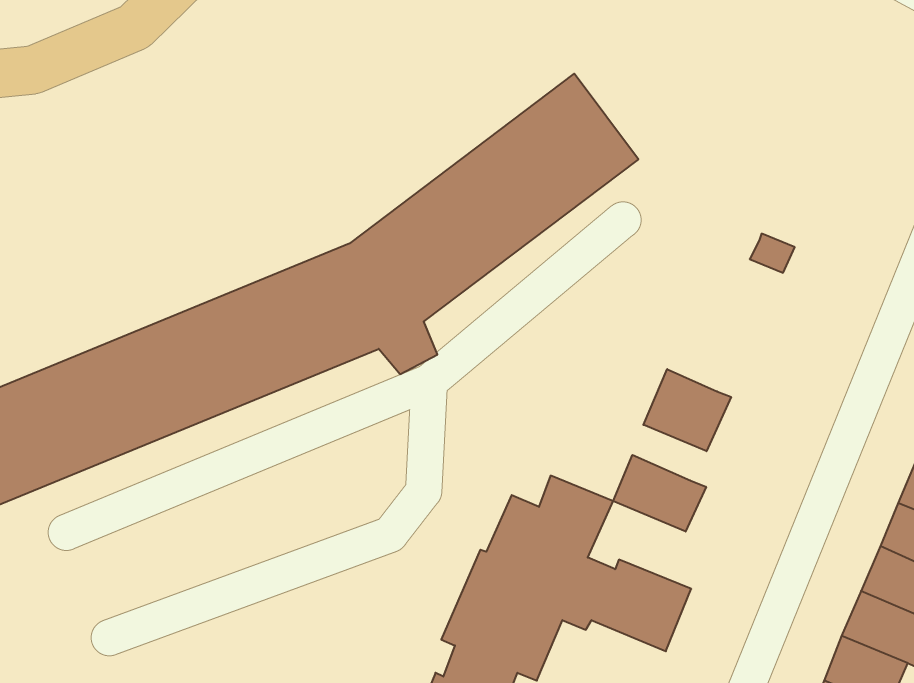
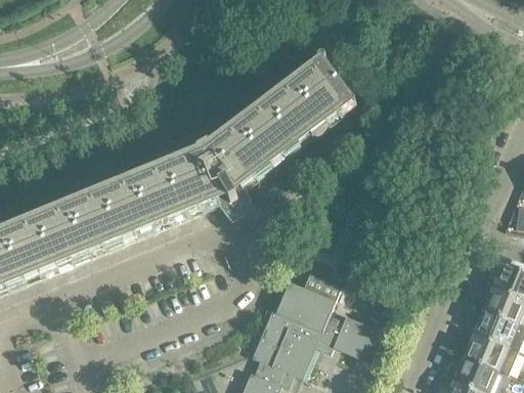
building: [643,369,731,451] -> none
building: [613,455,706,532] -> none

